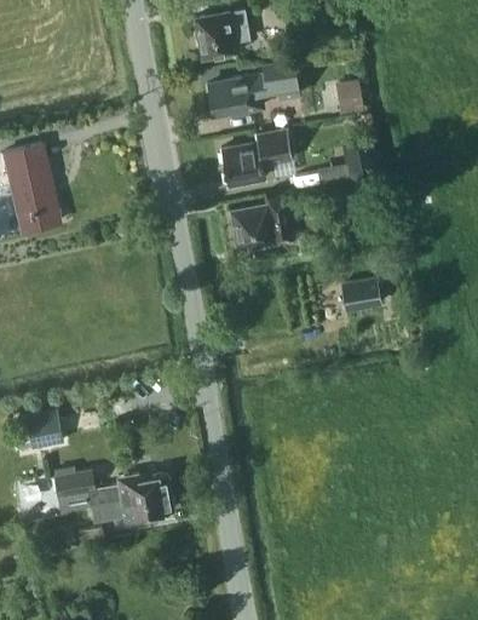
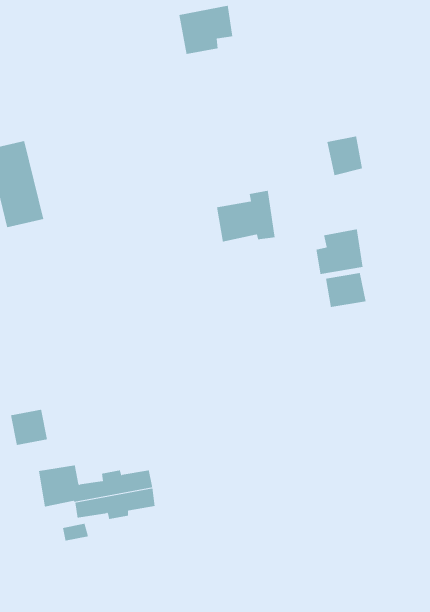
building: [207,58,301,117] -> none
building: [335,80,363,115] -> none
building: [220,132,289,186] -> none
building: none -> [316,228,363,275]

